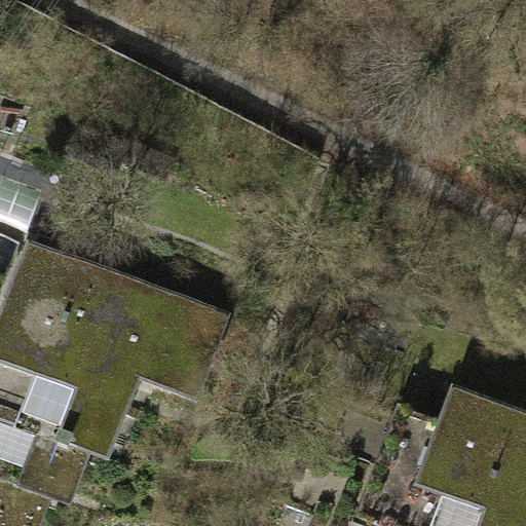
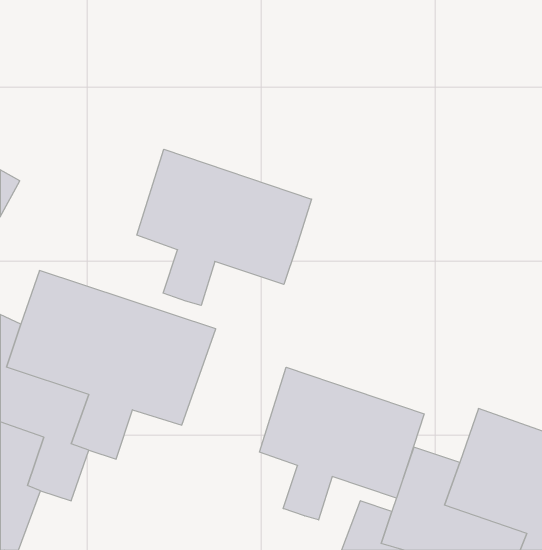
building: none -> [137,149,312,305]
building: none -> [259,367,424,520]

